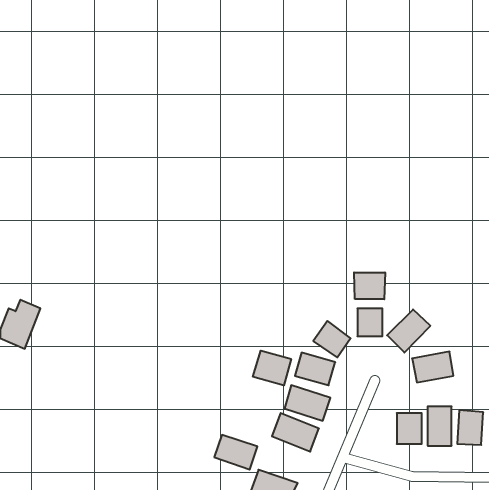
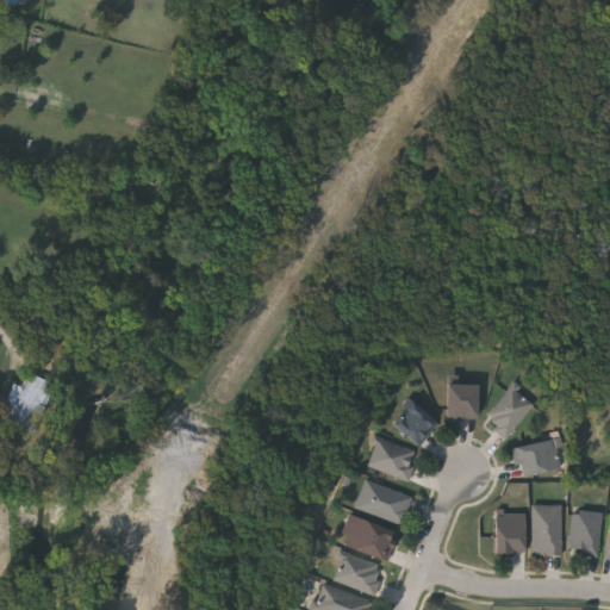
building: [354,272,385,299] -> none
building: [253,351,291,386] -> none
building: [214,435,257,470] -> [331,552,385,595]

